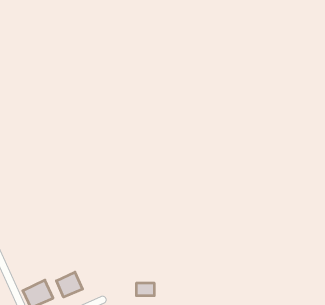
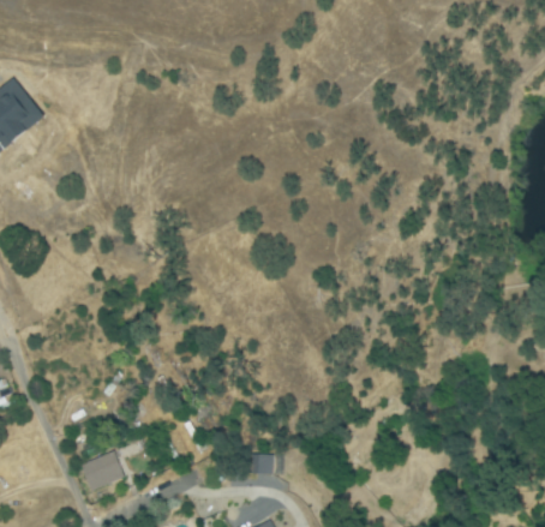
building: [56,272,83,297] -> none

